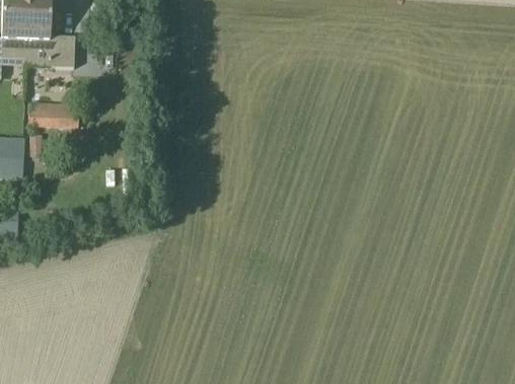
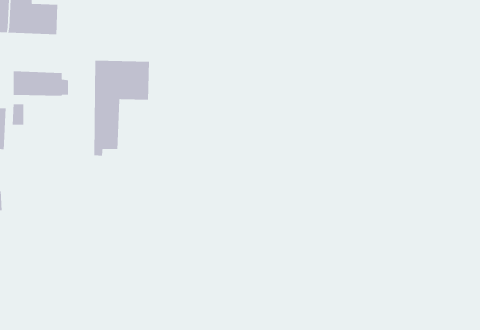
building: none -> [94,60,150,157]

